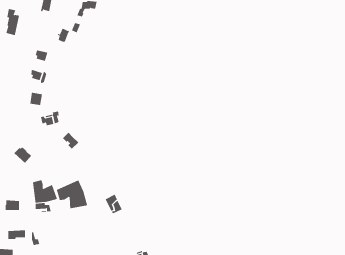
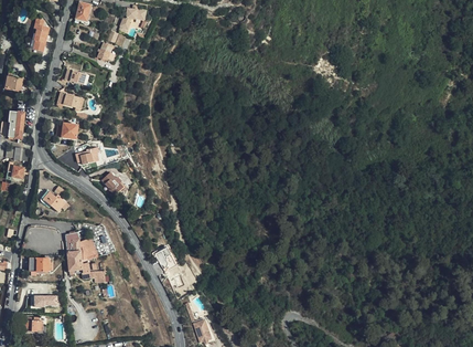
building: [56,180,88,209] -> none

